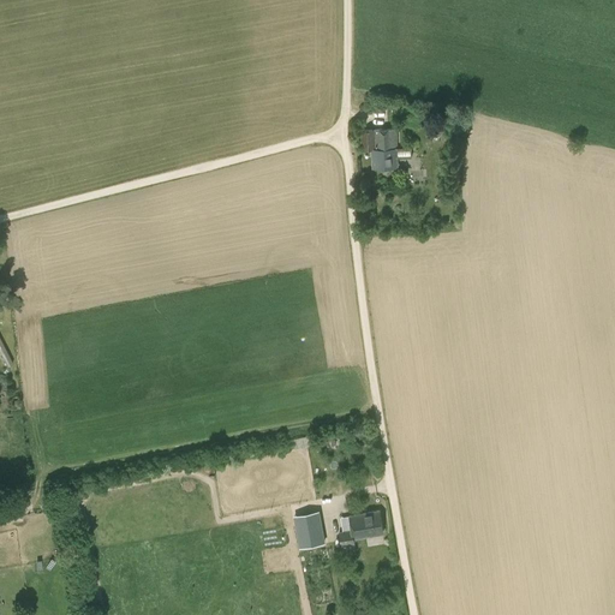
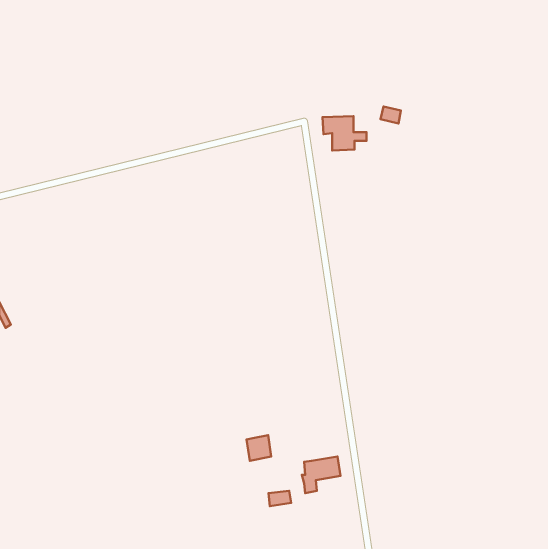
building: [294,519,322,548] -> [247,435,271,461]

